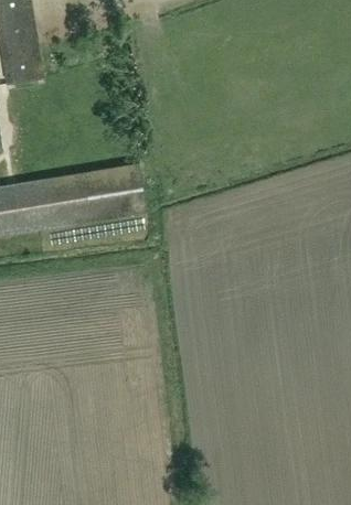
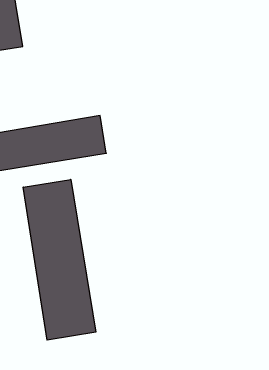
building: none -> [23,179,96,340]

